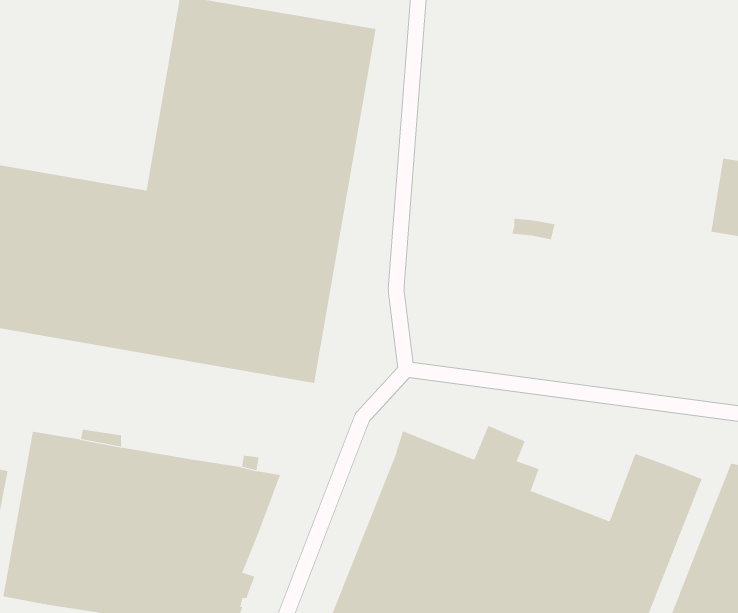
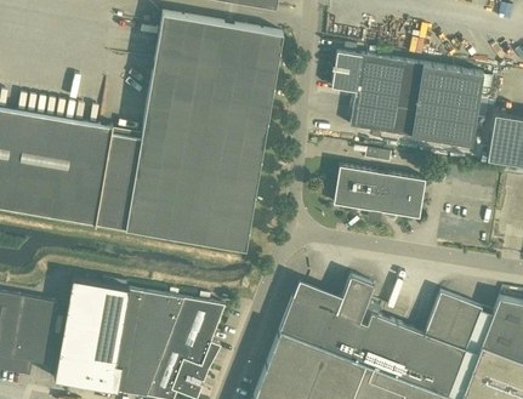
building: none -> [331,52,483,146]
building: none -> [334,166,426,217]

